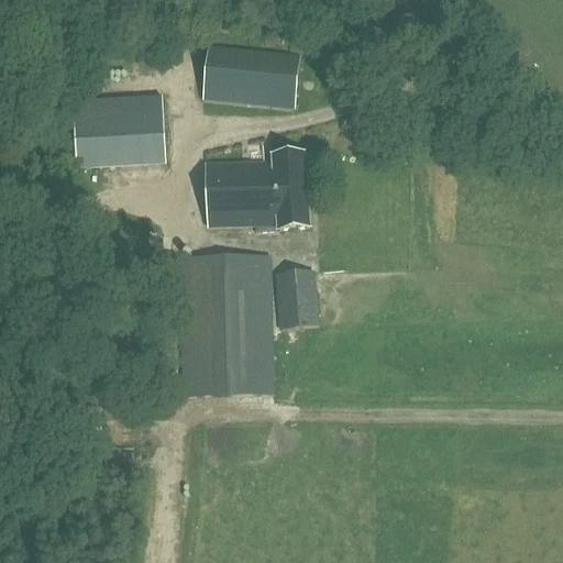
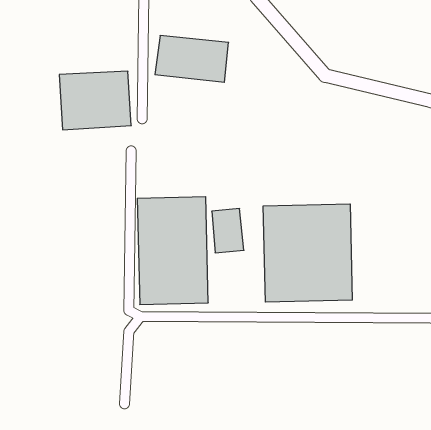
building: [205,153,308,231] -> none
building: none -> [263,204,352,302]

